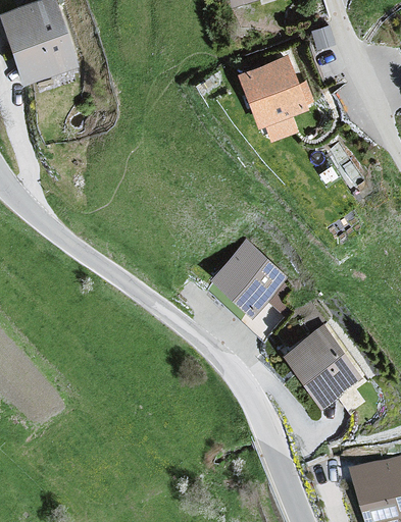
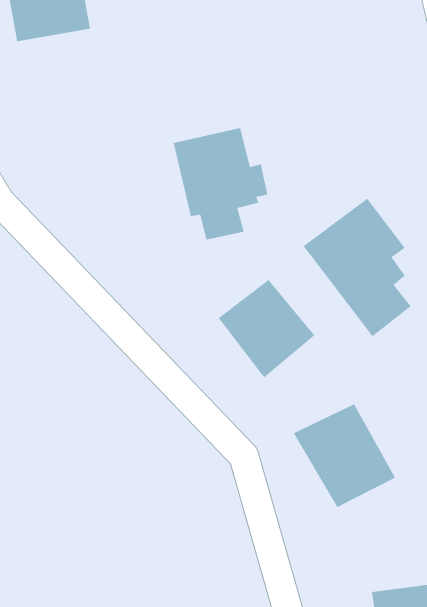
building: [235,50,312,139] -> [173,128,268,240]
building: none -> [303,198,411,337]

